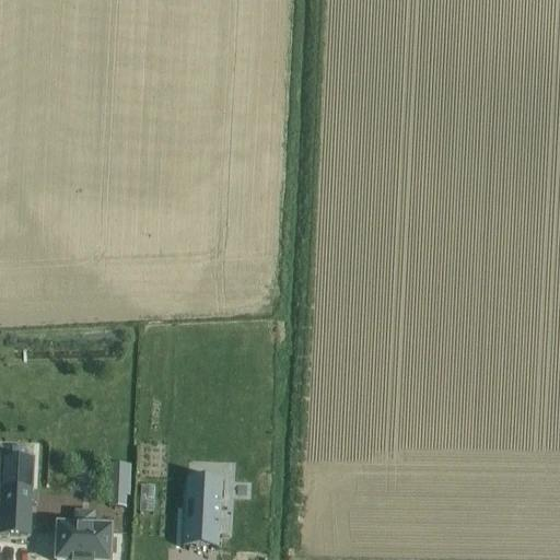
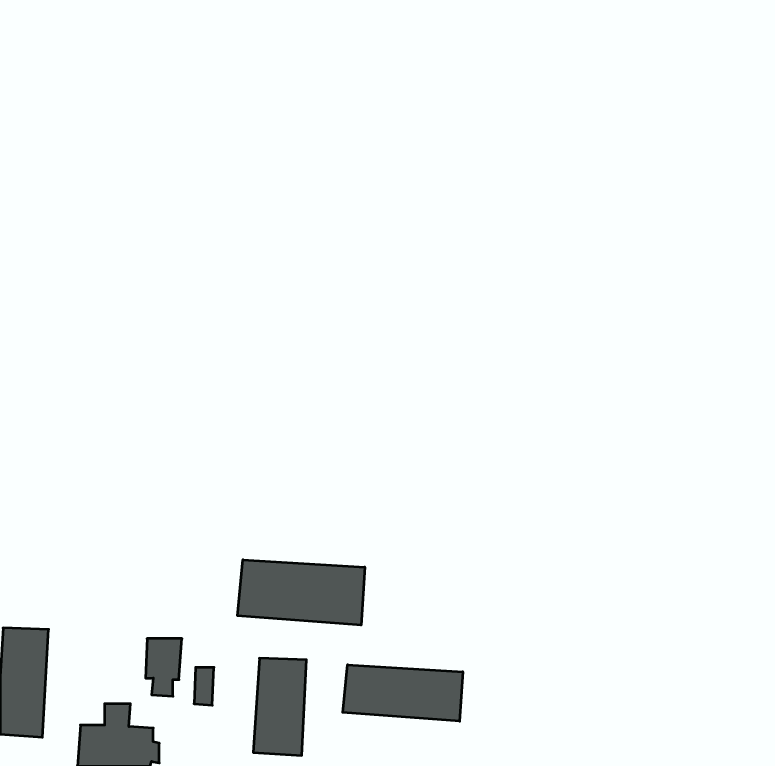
building: none -> [238,560,365,625]
building: none -> [343,665,463,721]

